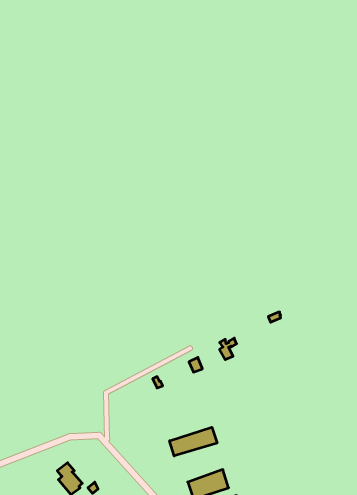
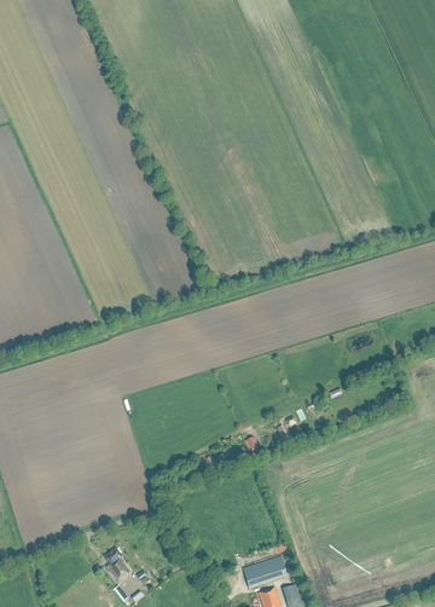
building: [170,427,217,456] -> none

